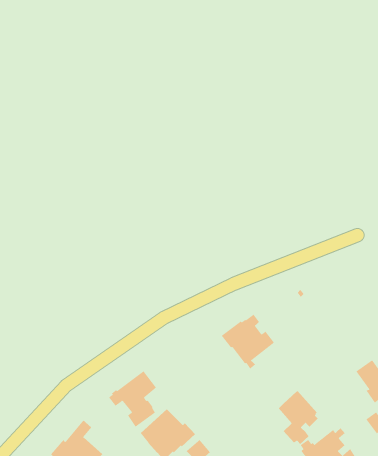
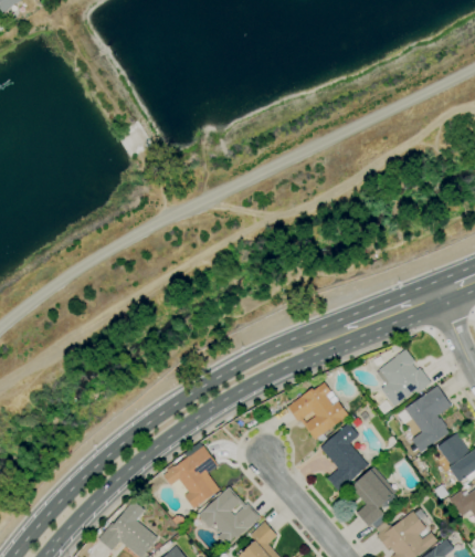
building: none -> [377,348,431,407]
building: none -> [405,386,452,452]
building: none -> [320,422,369,492]

